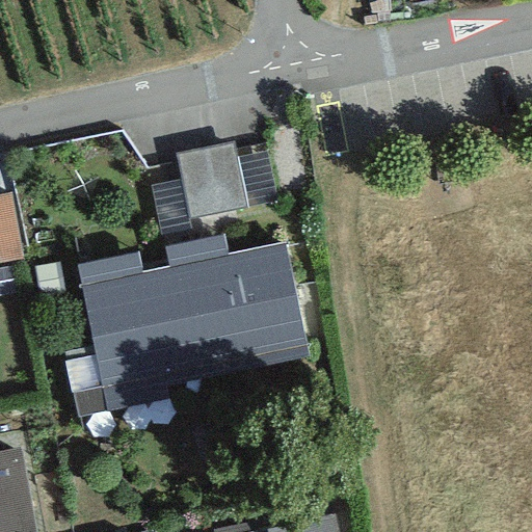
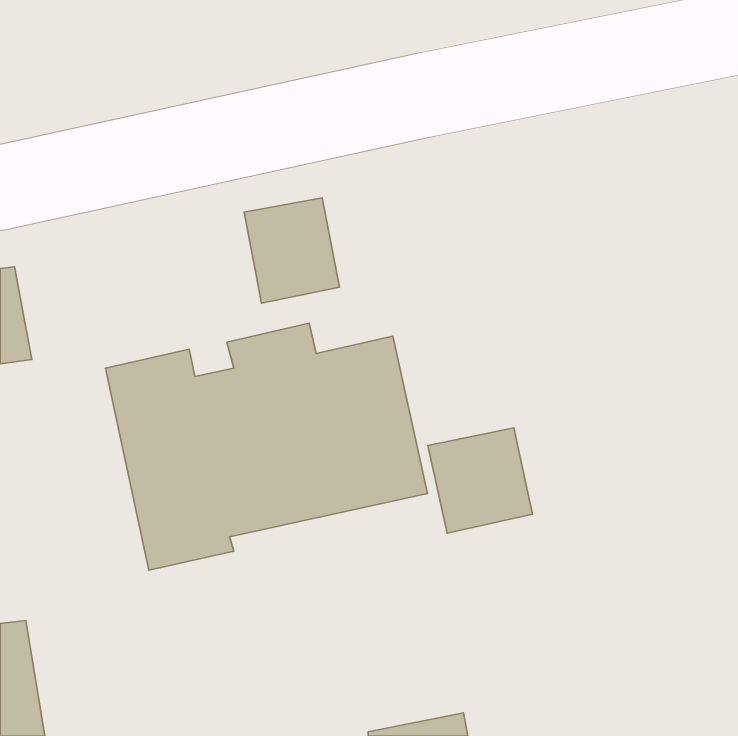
building: none -> [428,428,533,533]

